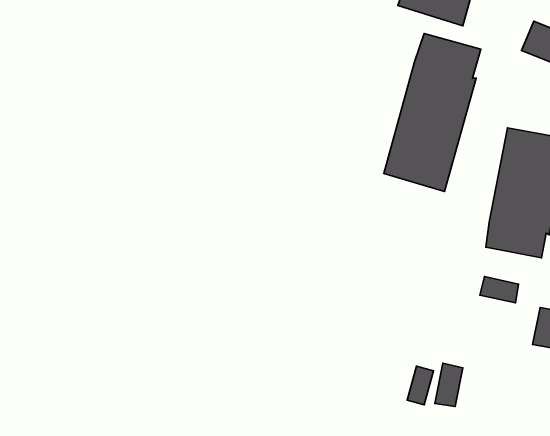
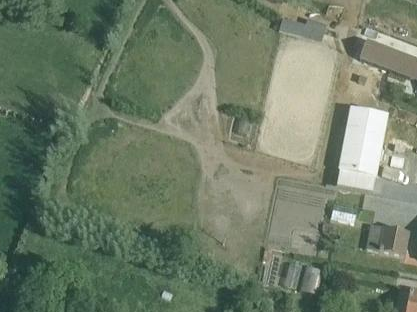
building: [384,33,481,192] -> none

